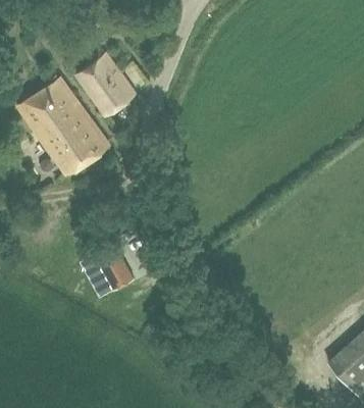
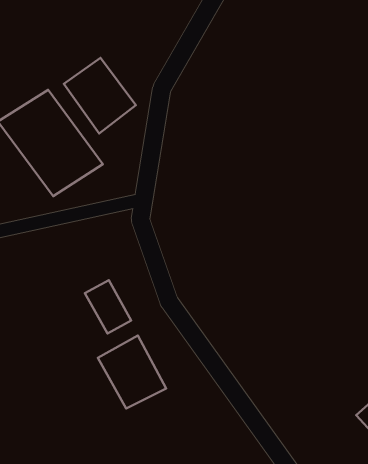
building: none -> [98,336,166,409]

